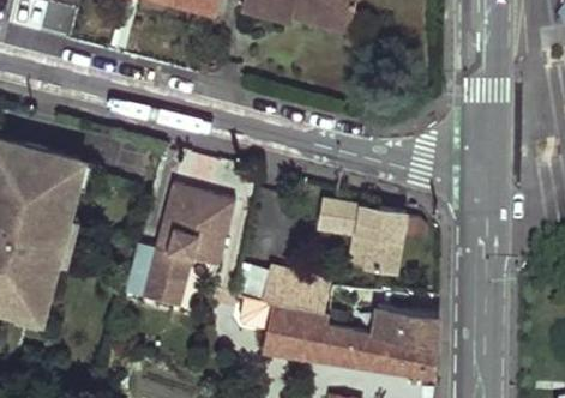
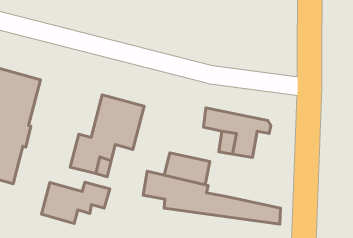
building: [378,309,440,351] -> none
building: none -> [41,182,110,223]

